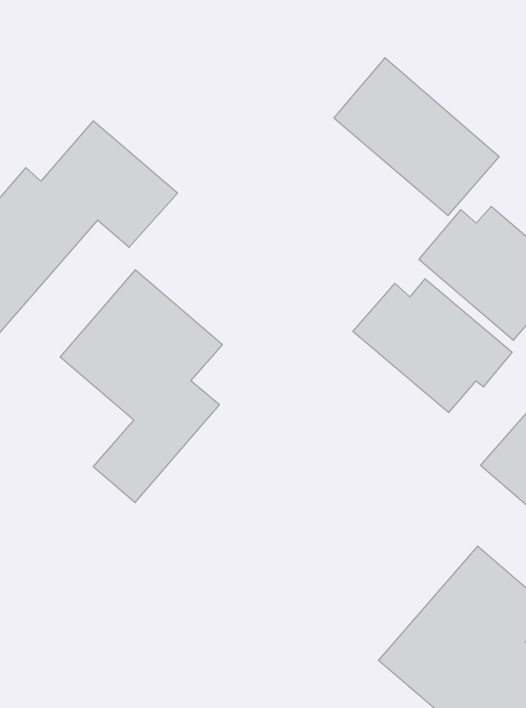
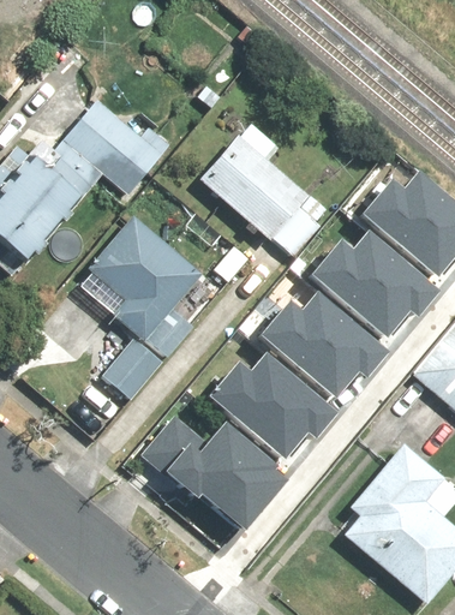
building: [334,58,499,215] -> [196,135,328,261]
building: none -> [259,285,385,392]
building: none -> [209,350,339,450]
building: none -> [146,394,288,524]

